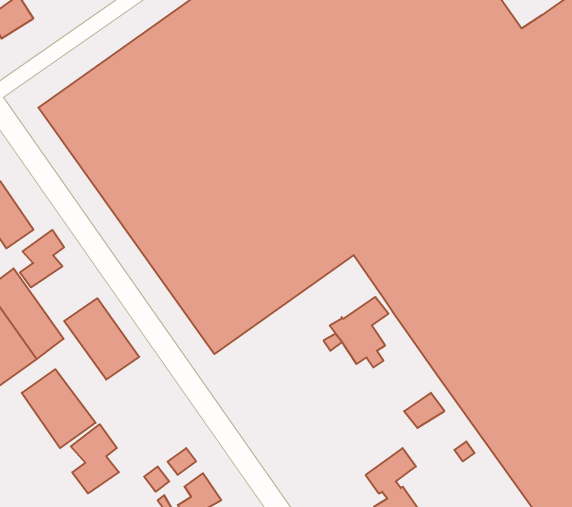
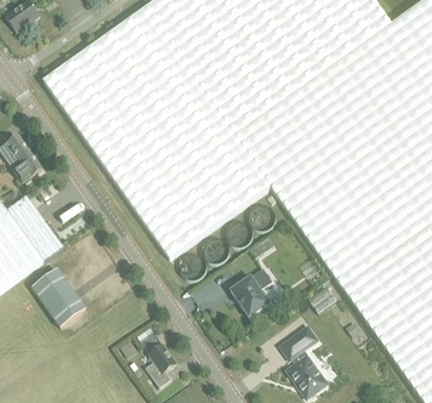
building: [20,230,64,287] -> none
building: [330,297,388,367] -> [229,268,272,319]
building: [64,298,139,380] -> none
building: [71,424,119,493] -> none

